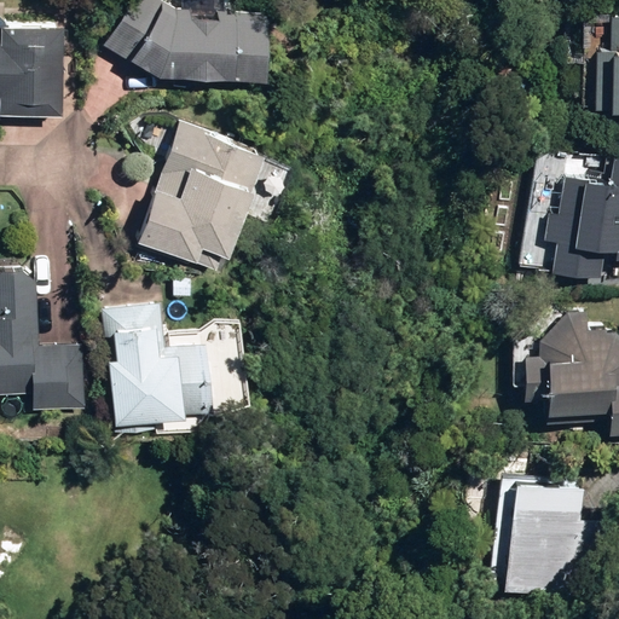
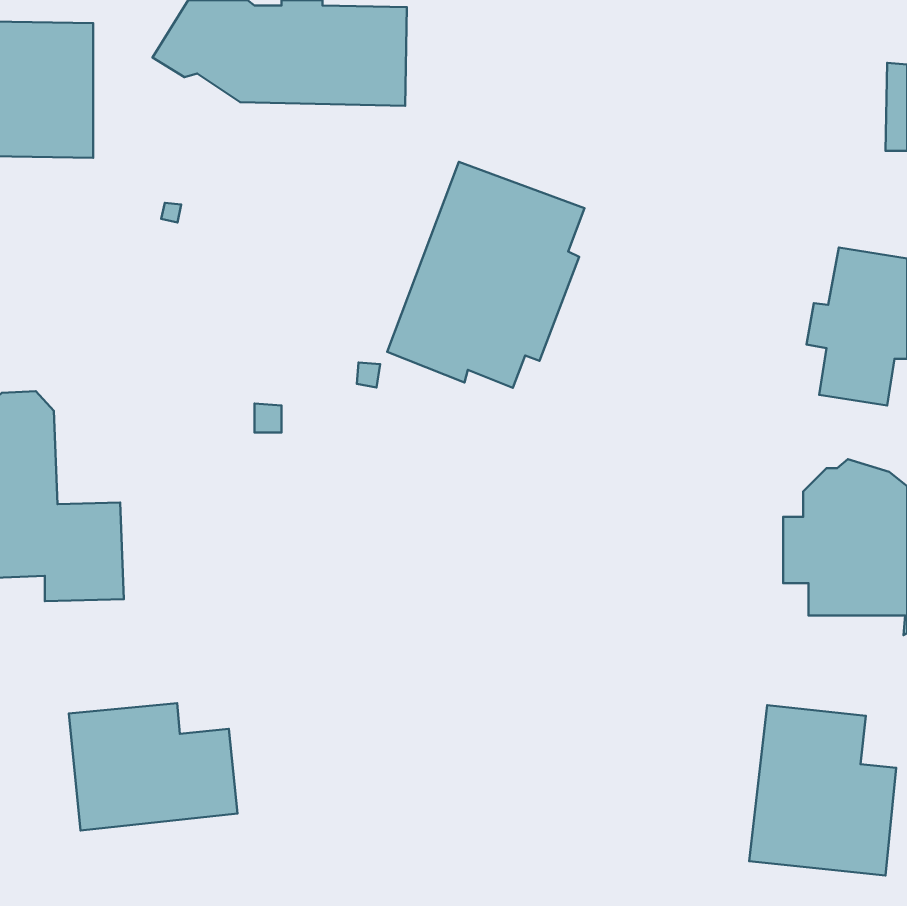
building: [133,121,266,273] -> [387,162,584,388]
building: [100,306,215,434] -> none
building: none -> [69,703,238,830]

